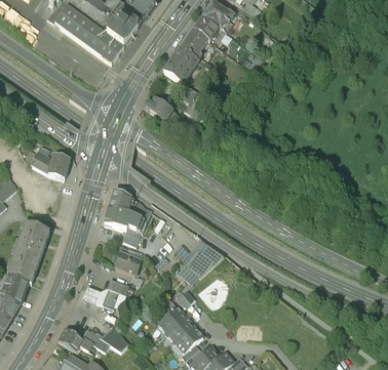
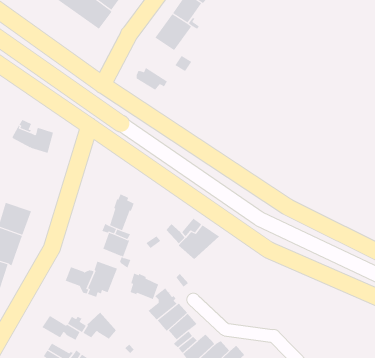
building: [105,189,151,227] -> none
building: none -> [130,273,159,300]

